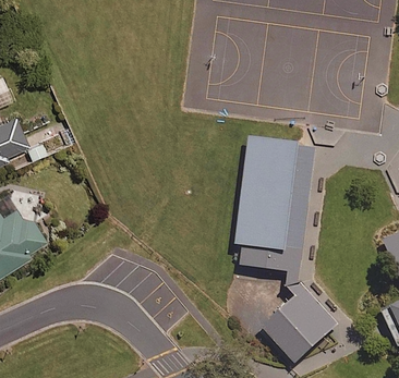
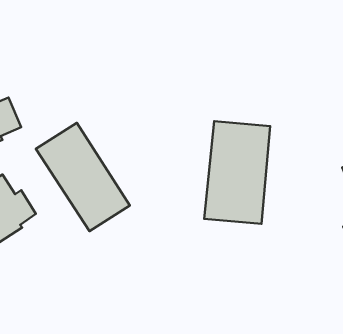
building: none -> [36,123,130,231]
building: [265,289,343,367] -> none

